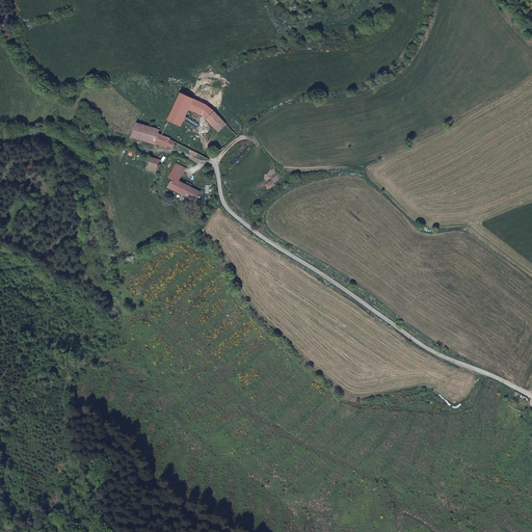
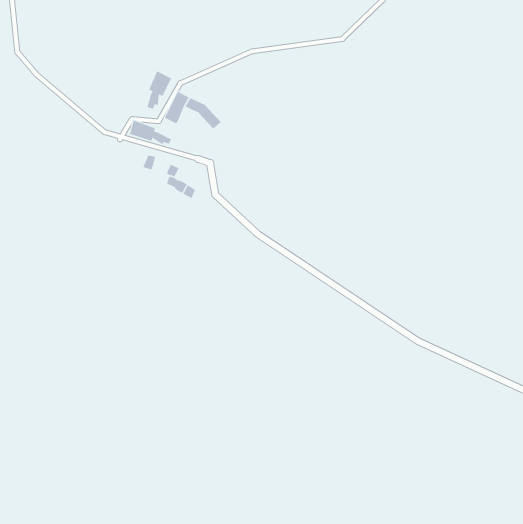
building: none -> [147,70,172,109]

